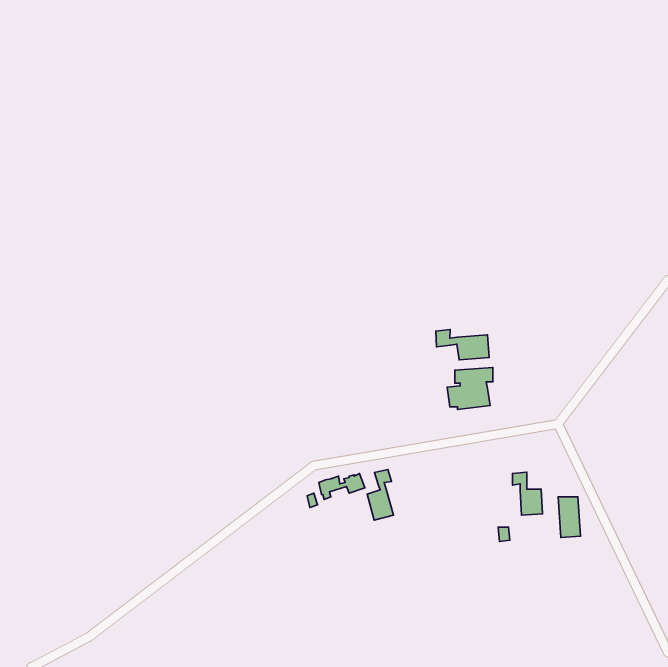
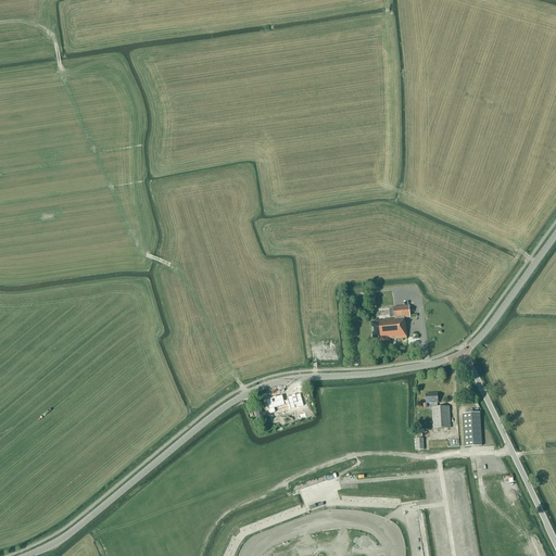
building: [436,329,489,360] -> none
building: [367,469,393,520] -> none

